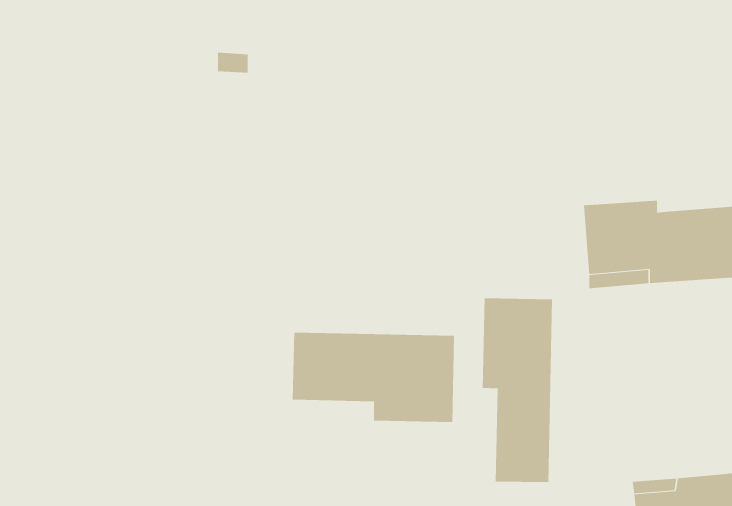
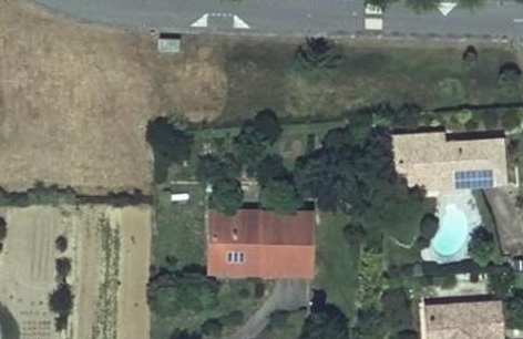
building: [482,297,553,483] -> none

